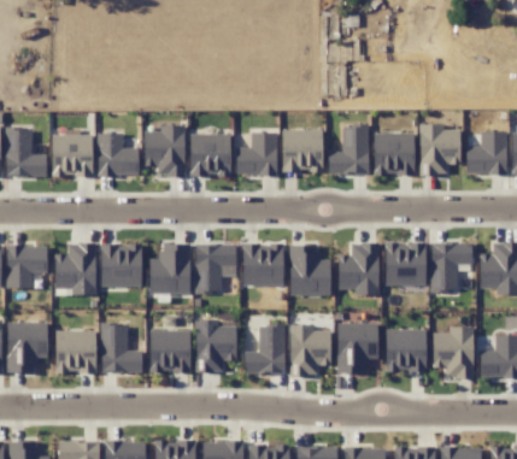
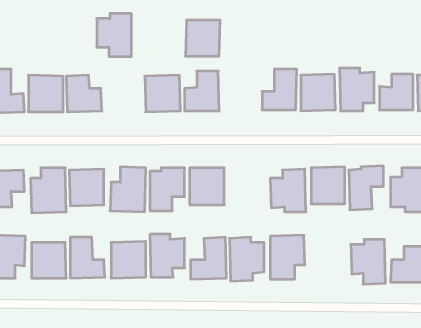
building: [143,125,184,176] -> [97,14,131,56]
building: [282,129,323,171] -> [185,20,220,56]
building: [289,243,330,295] -> none
building: [386,329,427,371] -> none

